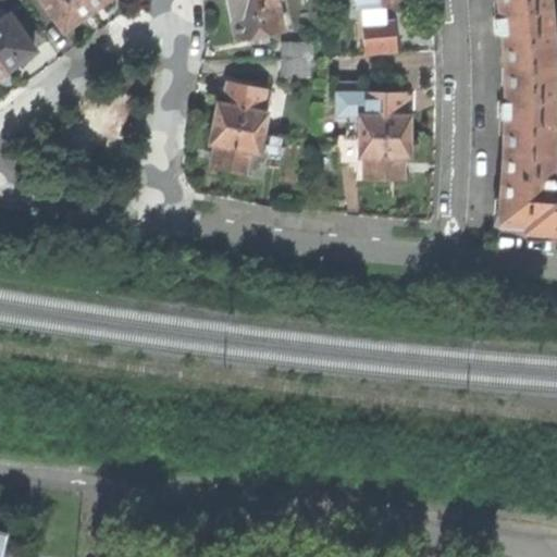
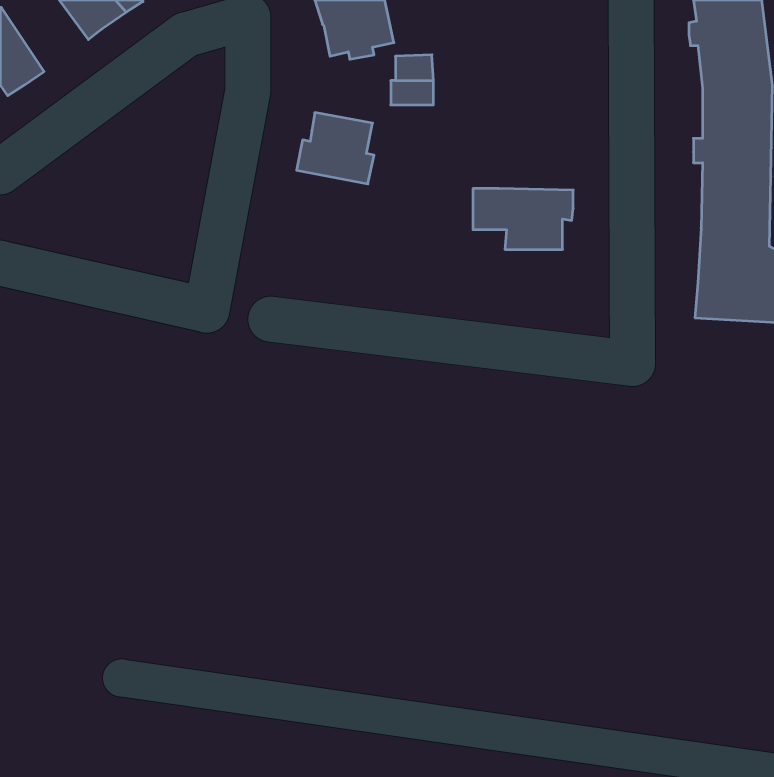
building: [364,14,403,52] -> none
building: [338,79,412,136] -> none
building: [210,122,286,176] -> none

